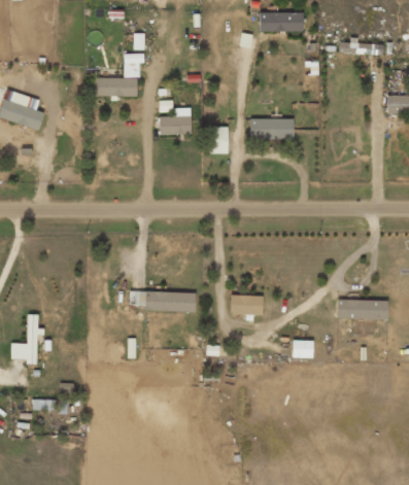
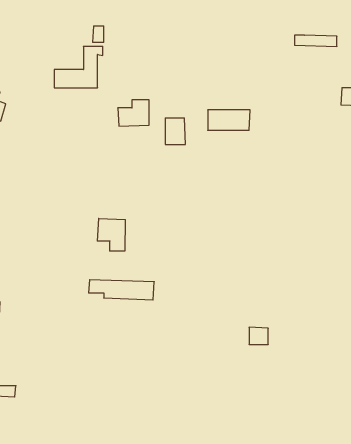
building: [259,11,303,32] -> none
building: none -> [97,218,125,251]
building: [230,296,263,315] -> none
building: [337,300,387,319] -> none

